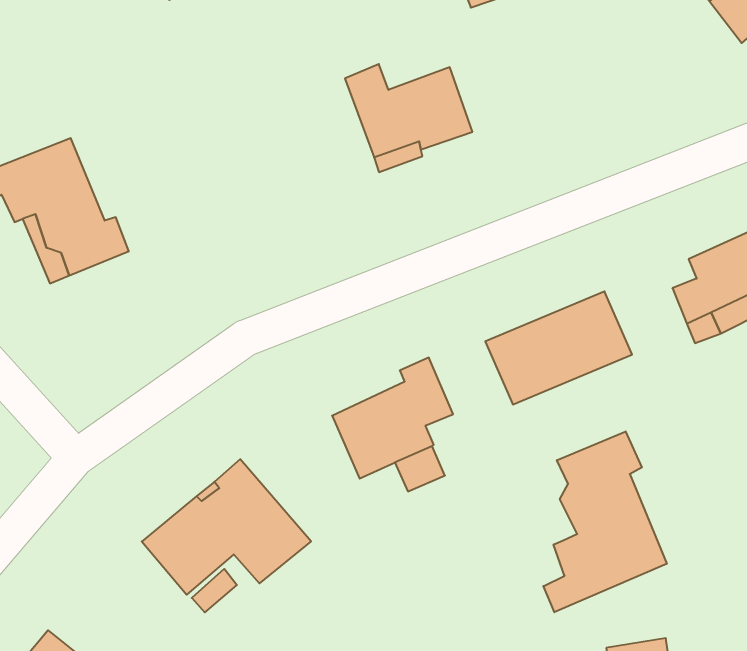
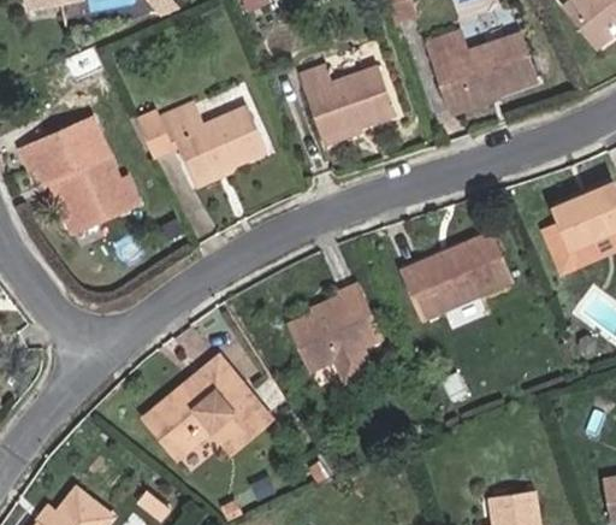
building: none -> [427,31,534,108]
building: none -> [137,106,265,182]
building: [543,431,667,612] -> none

